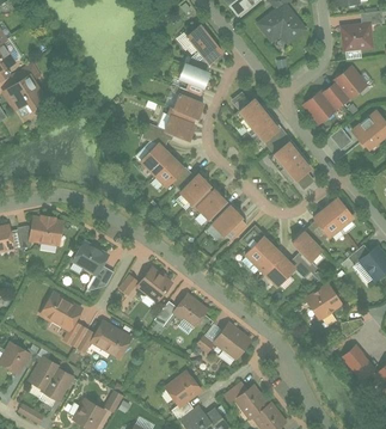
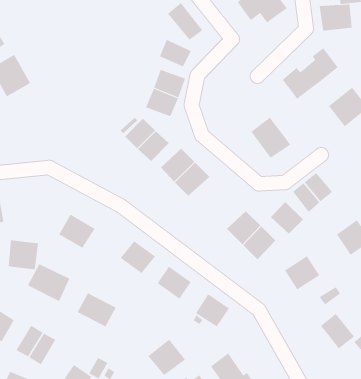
building: [239,94,282,140] -> none
building: [206,202,243,238] -> none
building: [31,215,63,246] -> [8,240,39,270]

